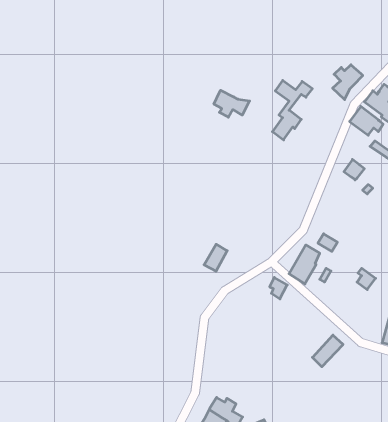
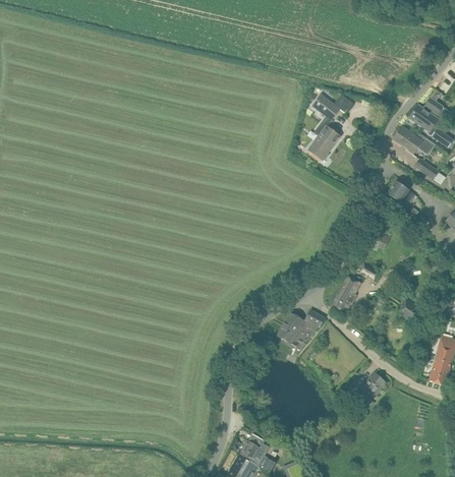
building: [333,65,363,100] -> none
building: [214,90,250,117] -> none
building: [204,244,227,271] -> [277,313,302,343]

